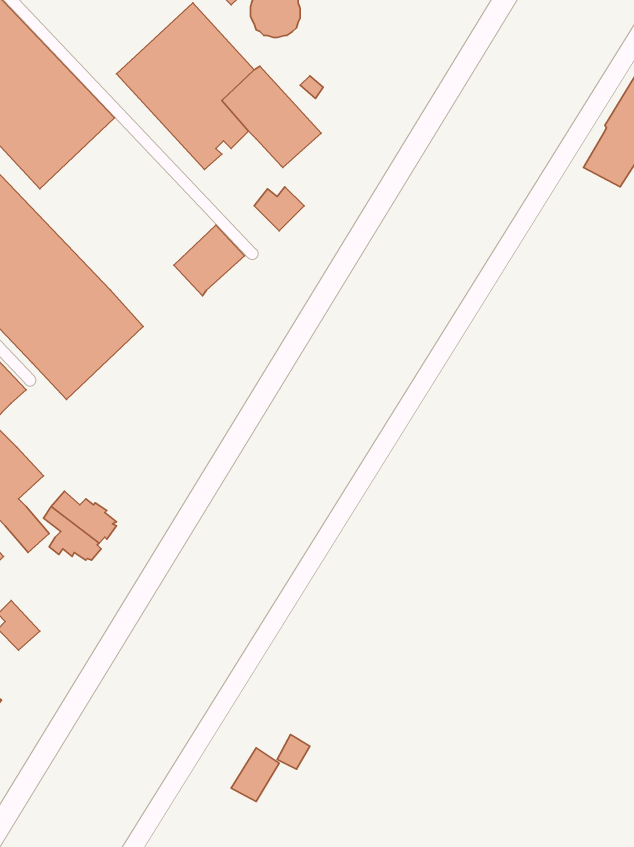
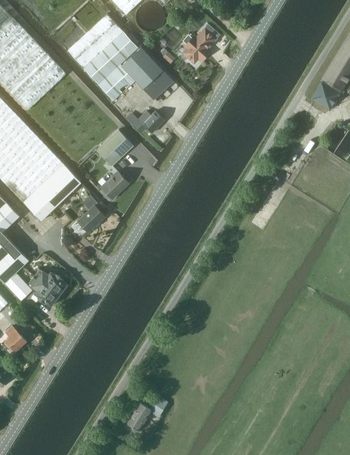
building: none -> [183,29,215,62]
building: none -> [100,170,128,199]
building: none -> [71,204,105,232]

